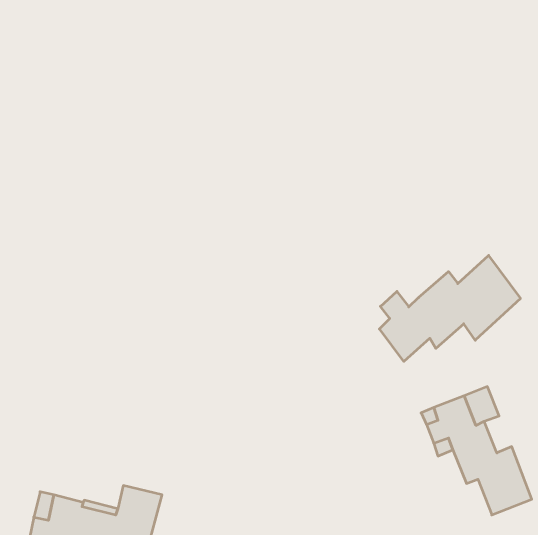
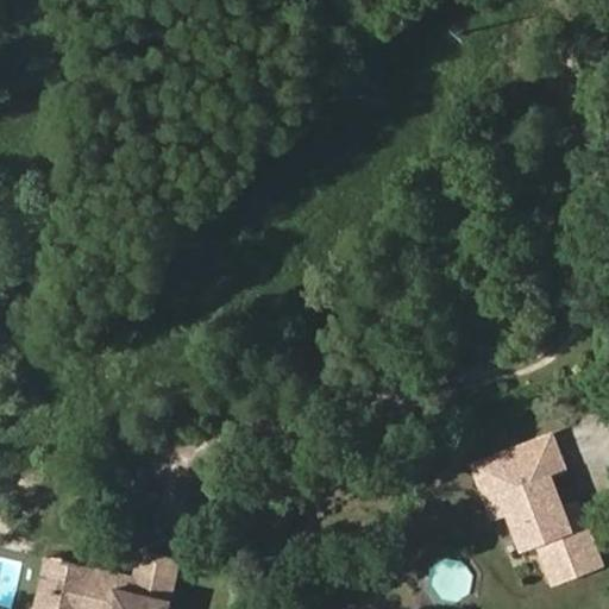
building: [379,255,520,361] -> none

